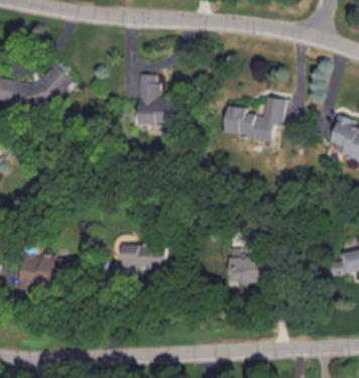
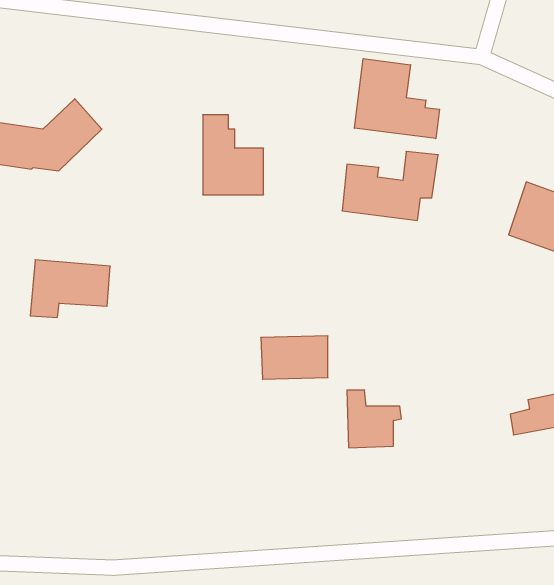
building: none -> [354,59,440,139]
building: [119,243,161,270] -> [261,336,328,379]
building: [18,254,69,290] -> [30,260,110,317]

